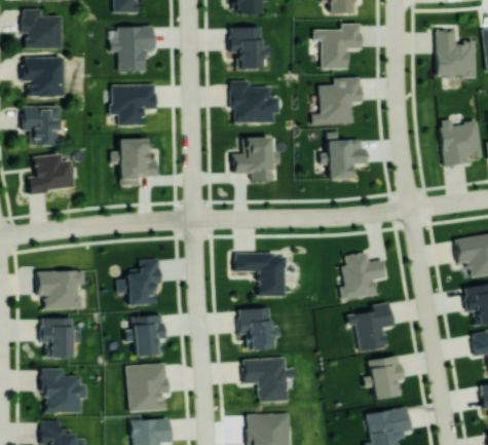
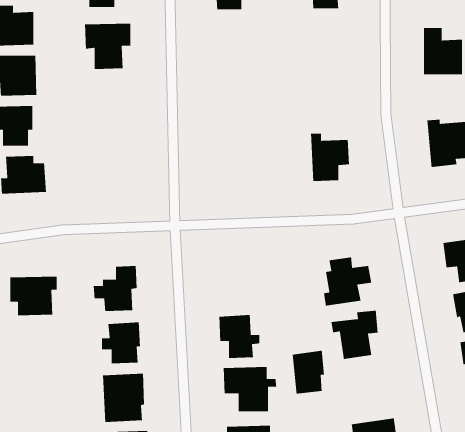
building: [314,24,361,69] -> none
building: [230,27,270,69] -> none
building: [312,77,363,124] -> none
building: [231,81,279,123] -> none
building: [111,84,156,126] -> none
building: [233,137,280,182] -> none
building: [119,139,158,186] -> none
building: [234,254,287,297] -> none
building: [41,318,80,359] -> none
building: [371,356,403,399] -> [292,350,325,395]
building: [42,369,86,413] -> none

